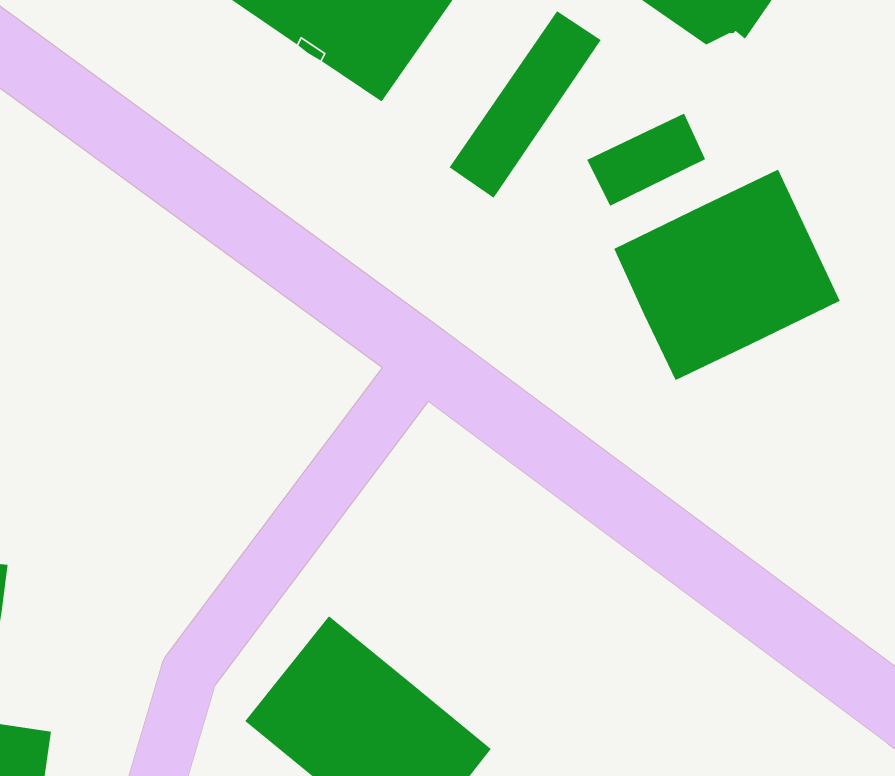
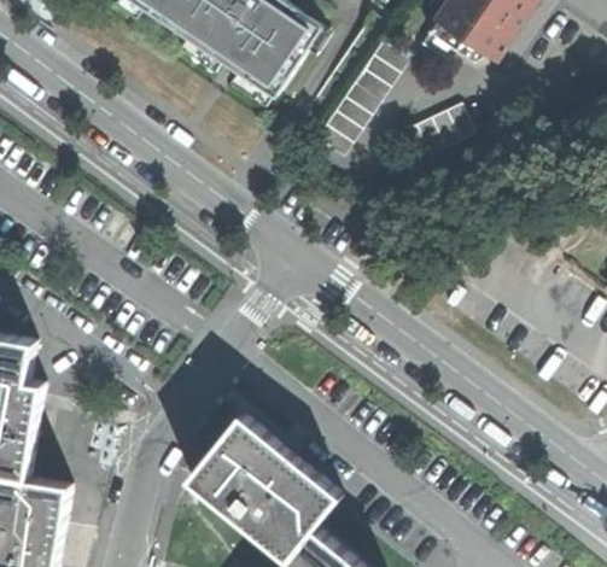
building: [613,169,841,381] -> none

